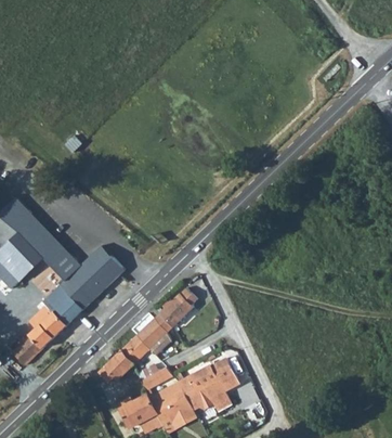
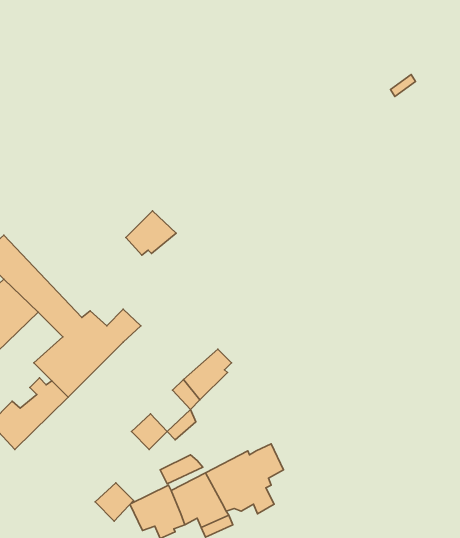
building: none -> [126,211,176,255]
building: [132,319,164,351] -> none
building: [101,351,131,382] -> [95,483,134,521]

